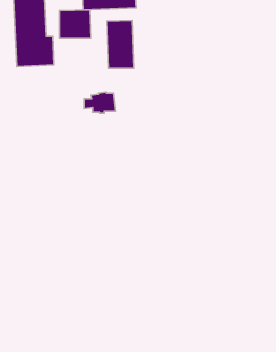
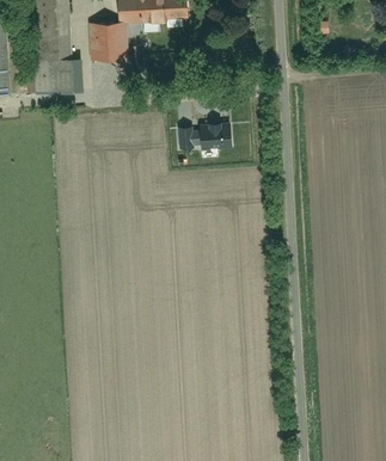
building: [107,20,134,68] -> none
building: [84,92,116,113] -> [192,122,232,148]

